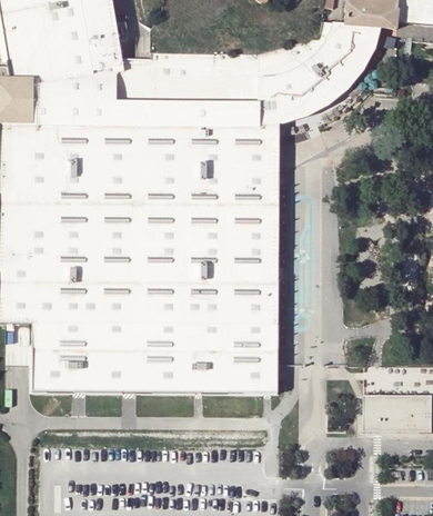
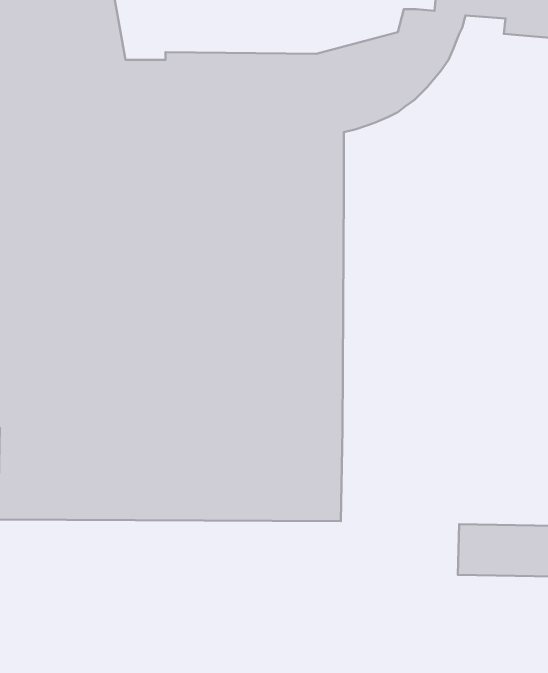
building: [280,27,381,125] -> none

